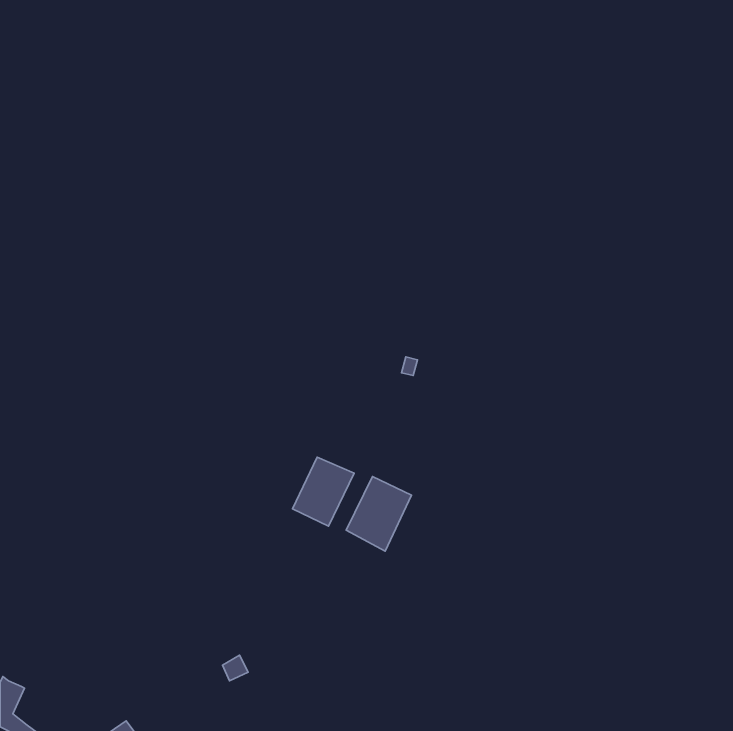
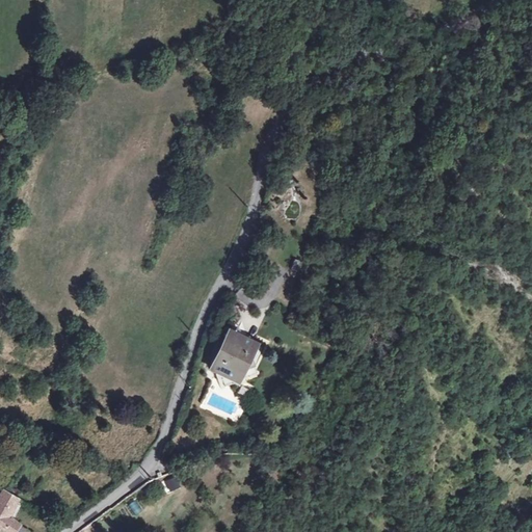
building: [346,476,412,551] -> none

